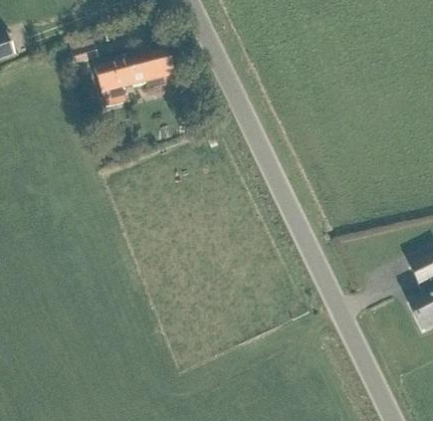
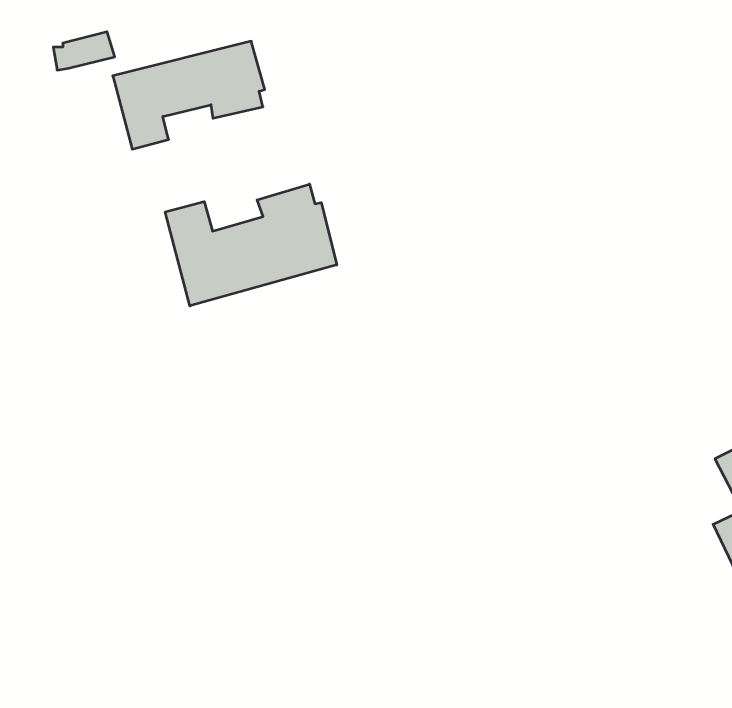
building: none -> [165,184,337,306]

